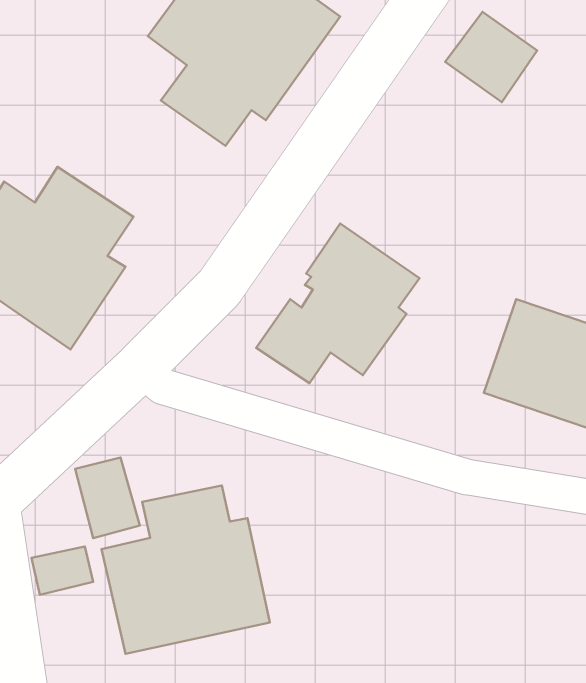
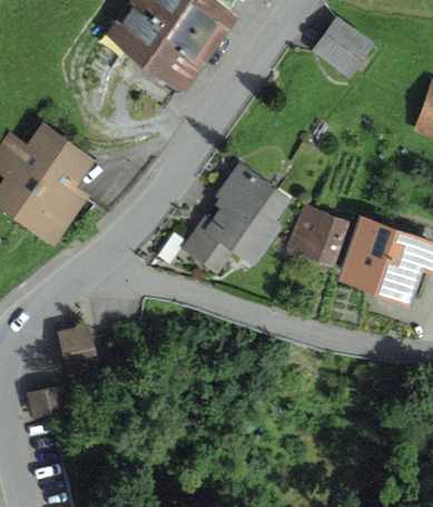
building: none -> [283,203,350,265]
building: [102,485,270,654] -> none

